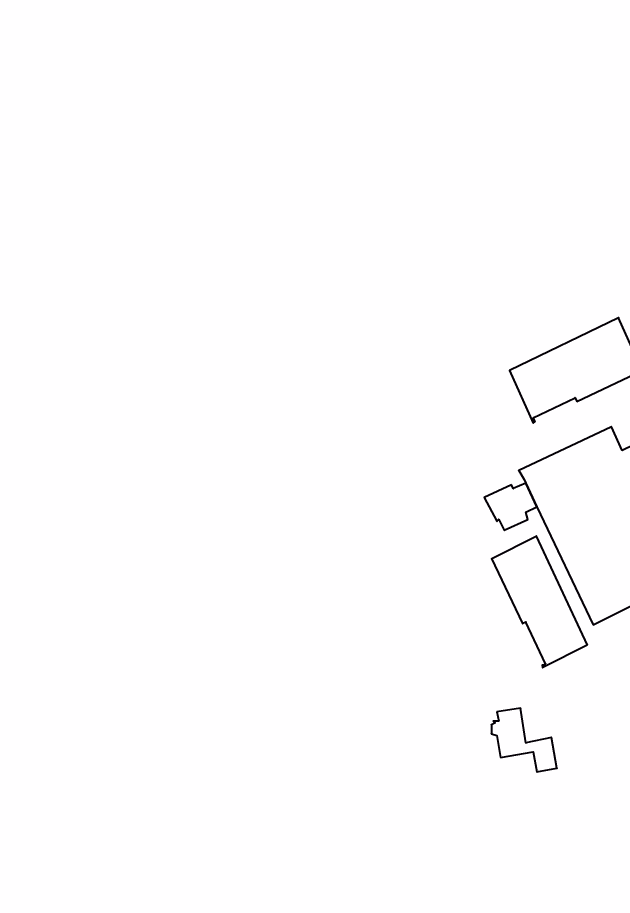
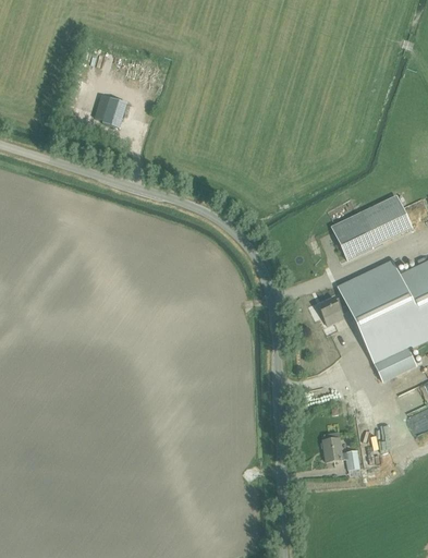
building: none -> [102,97,129,128]
building: [492,536,587,668] -> none

